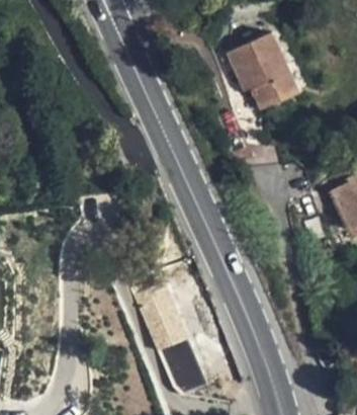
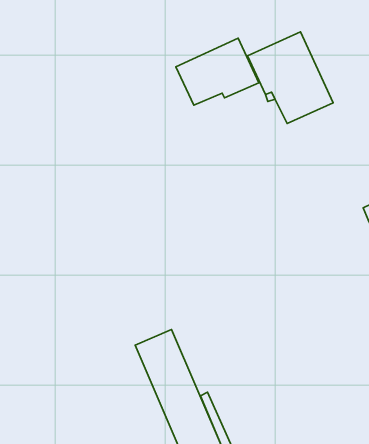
building: none -> [176,38,259,105]

